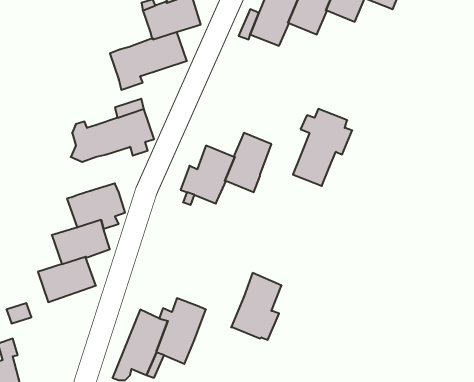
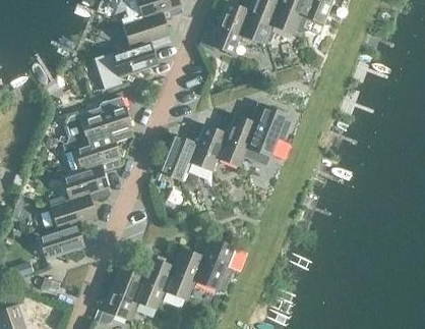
building: none -> [218,115,257,168]
building: none -> [62,135,120,174]
building: none -> [165,248,204,300]

